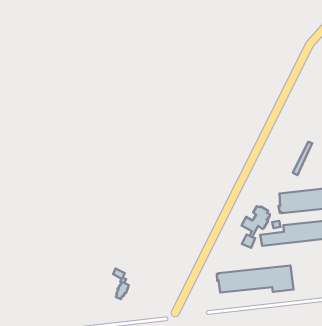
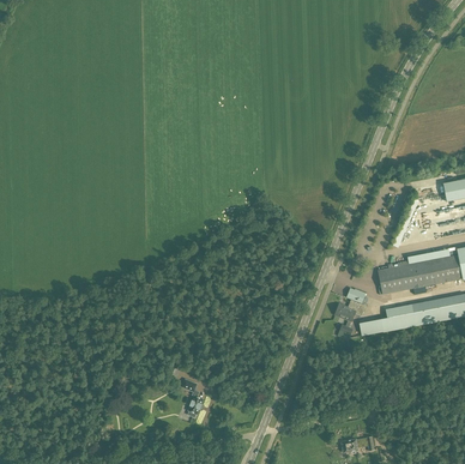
building: [217,266,294,293] -> none

